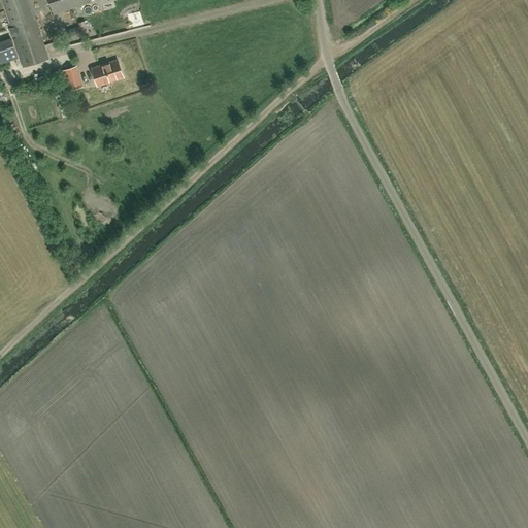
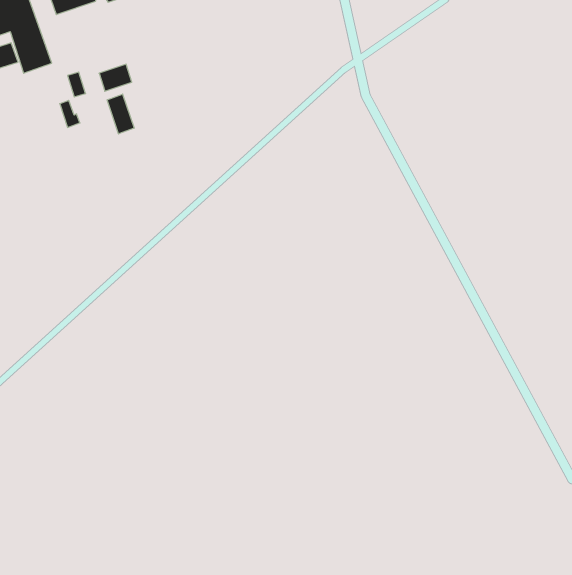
building: none -> [107,94,134,134]

